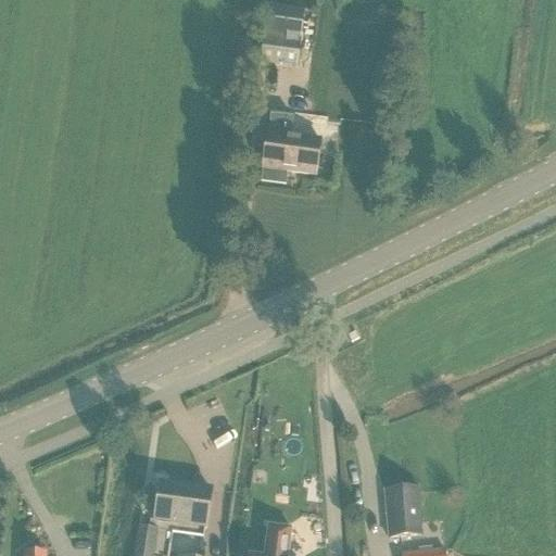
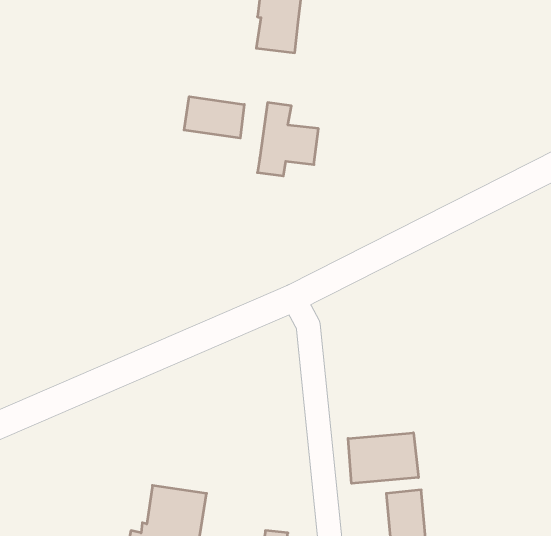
building: none -> [184,97,244,138]
building: none -> [348,433,418,483]

